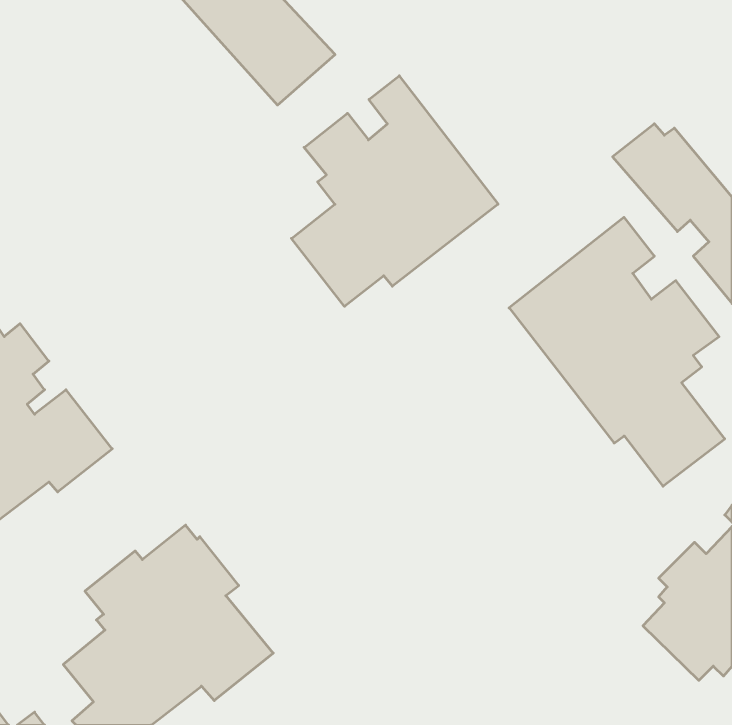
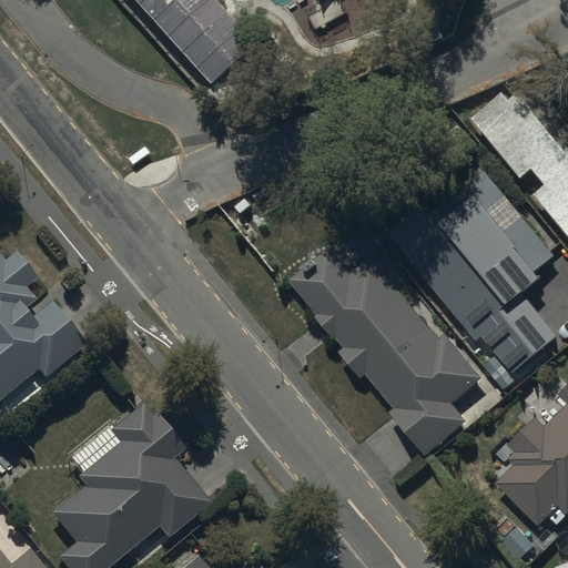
building: [291,76,498,306] -> none
building: none -> [285,242,484,458]

